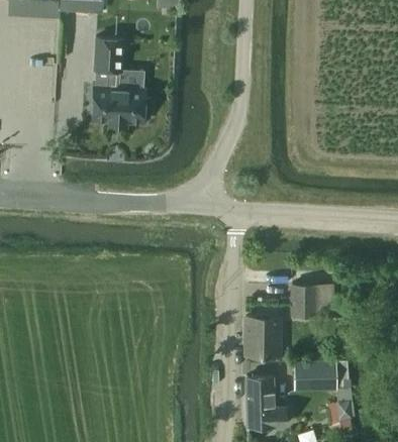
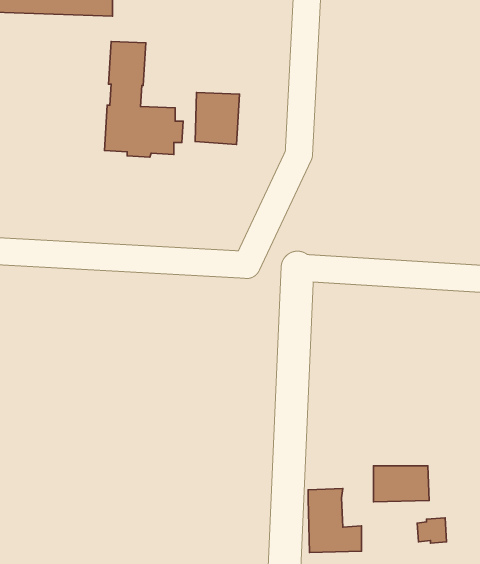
building: none -> [195,92,240,145]
building: [289,284,334,318] -> none
building: [244,318,279,356] -> none

